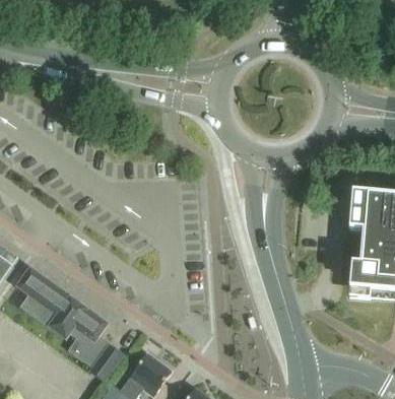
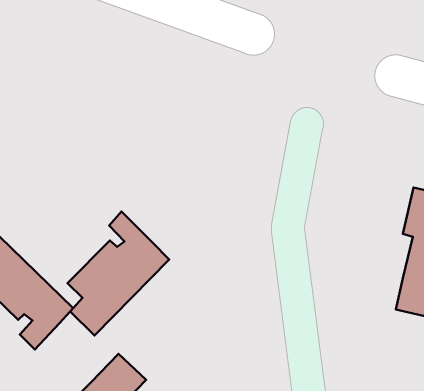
building: none -> [68,212,169,336]
building: [80,336,122,381] -> none

